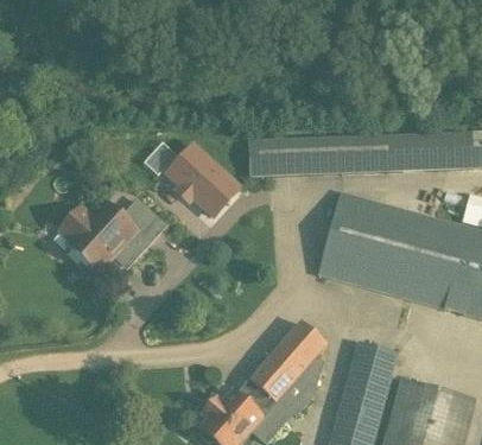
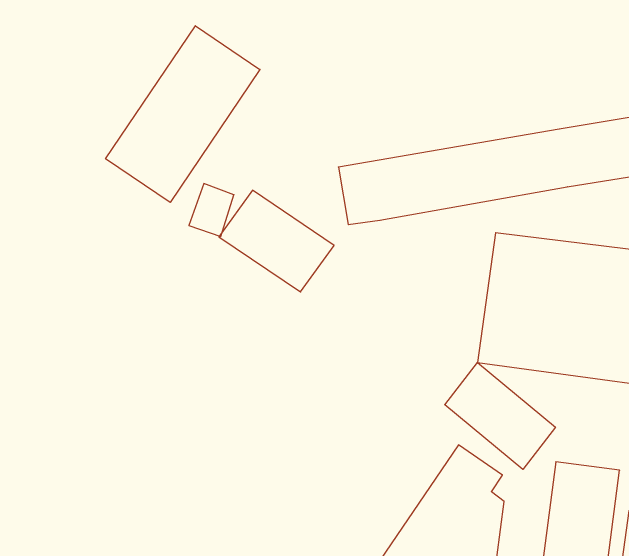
building: none -> [106,26,260,202]
building: [62,198,165,271] -> none
building: none -> [445,363,555,469]

